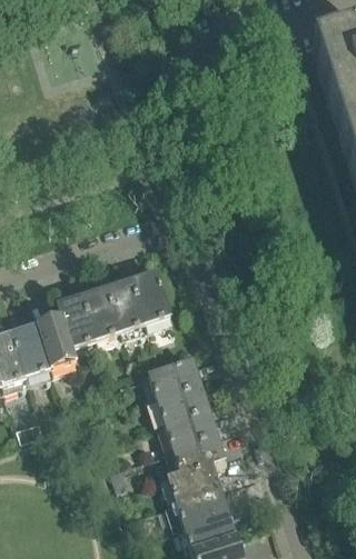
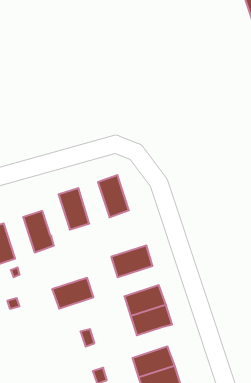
building: [109,276,148,328] -> none
building: [59,291,98,343] -> none
building: [14,320,53,372] -> none
building: [158,381,210,420] -> [52,278,93,309]
building: [169,459,221,498] -> none

